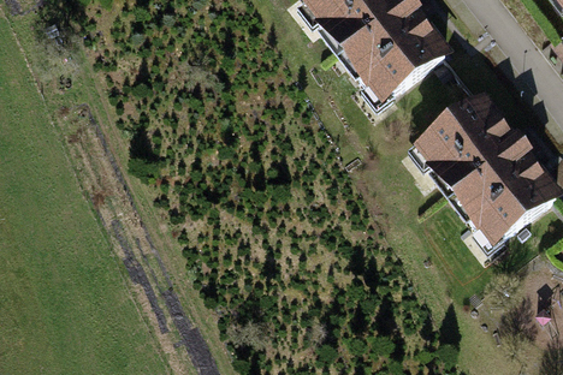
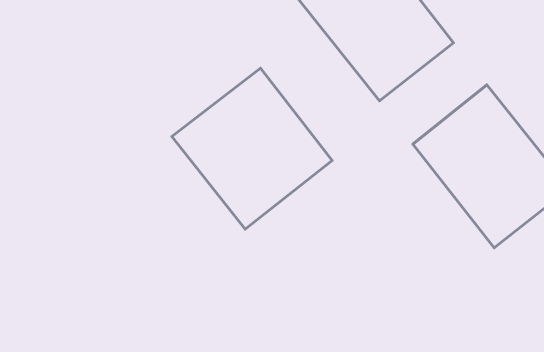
building: none -> [172,68,332,229]

